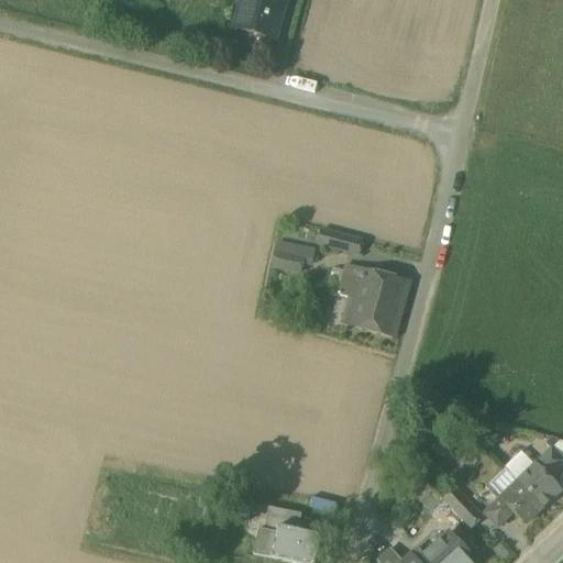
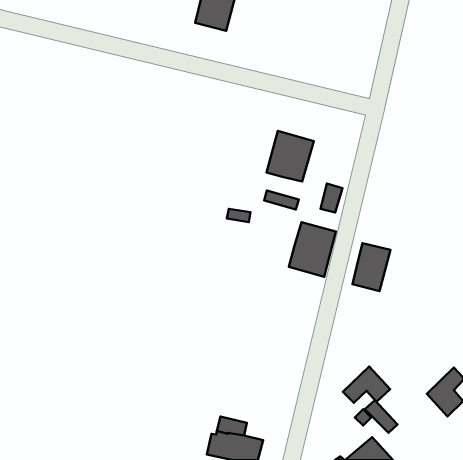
building: none -> [266,131,314,182]
building: [339,264,365,299] -> [321,184,342,213]
building: none -> [353,243,390,291]
building: [485,477,542,521] -> [343,366,390,403]

